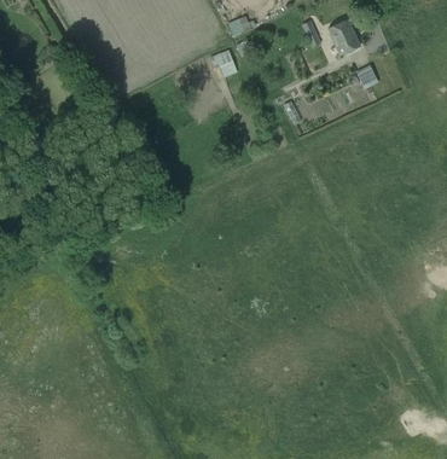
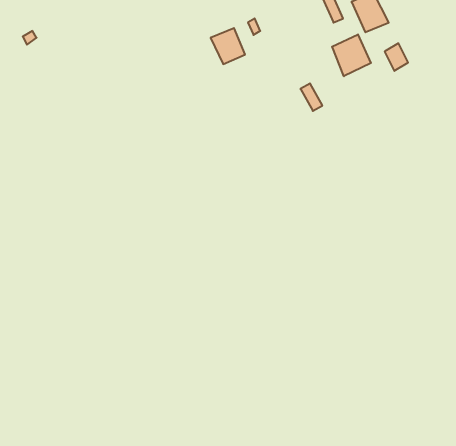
building: none -> [332,34,371,76]

